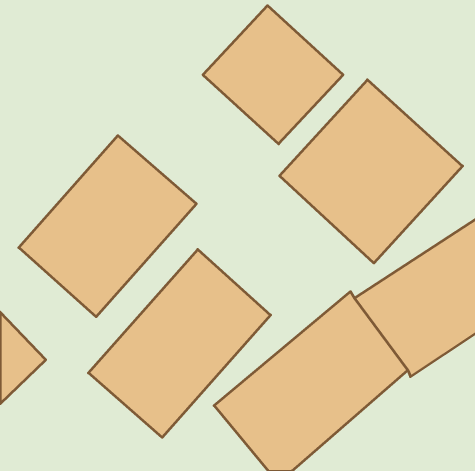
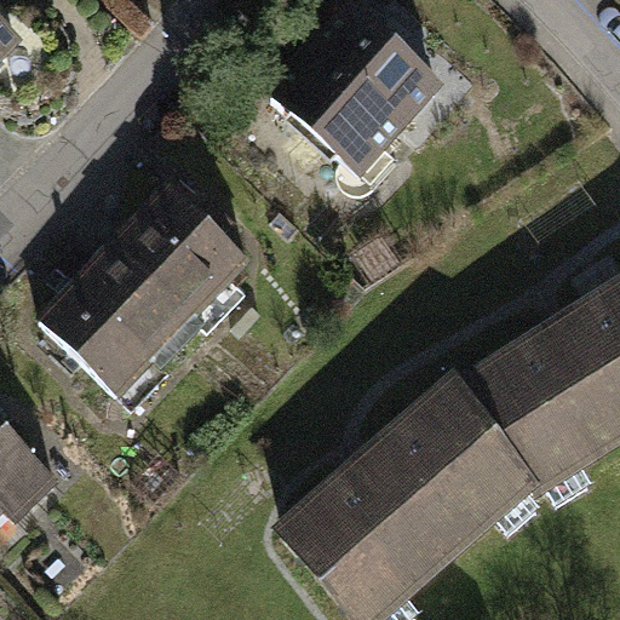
building: [280,80,463,263] -> none
building: [88,249,271,437] -> none

